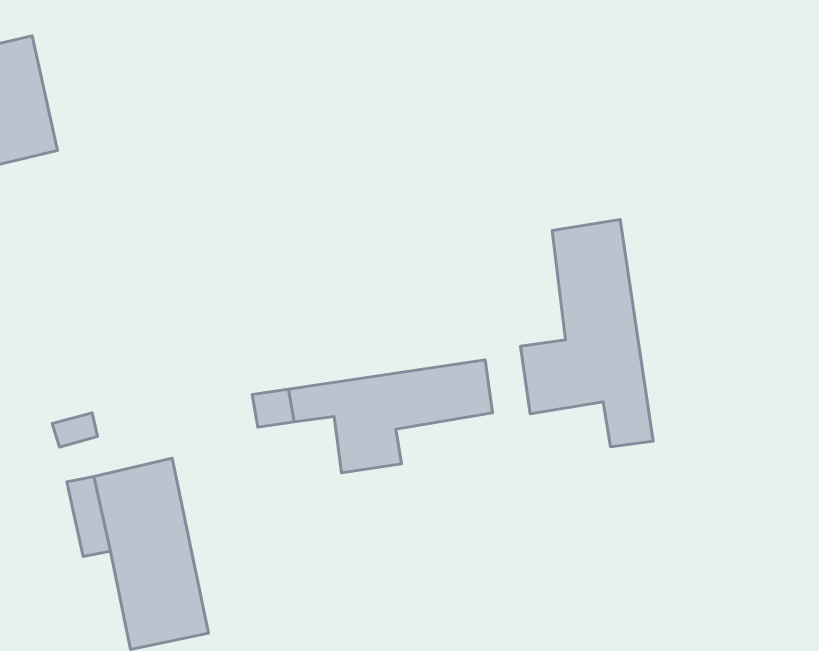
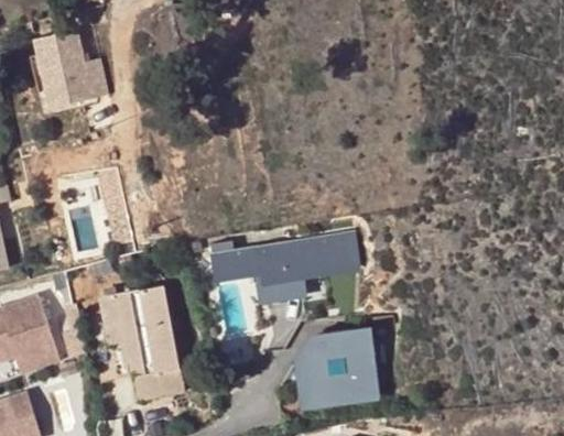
building: [521,220,653,447] -> none
building: none -> [295,323,376,399]

